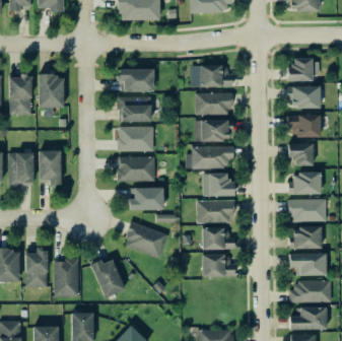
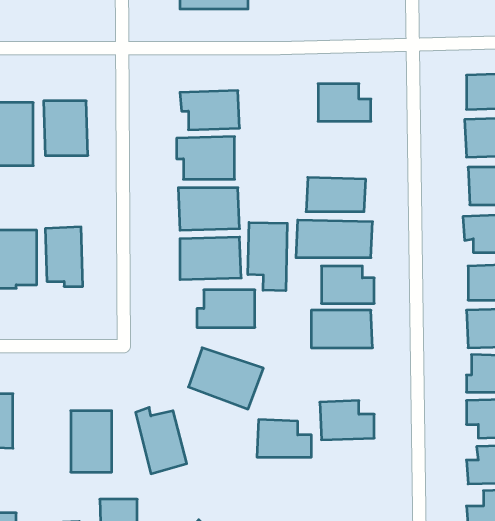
building: [196,92,231,115] -> none
building: none -> [248,222,287,291]
building: [202,227,234,250] -> [257,420,311,457]
building: [25,250,48,287] -> none

